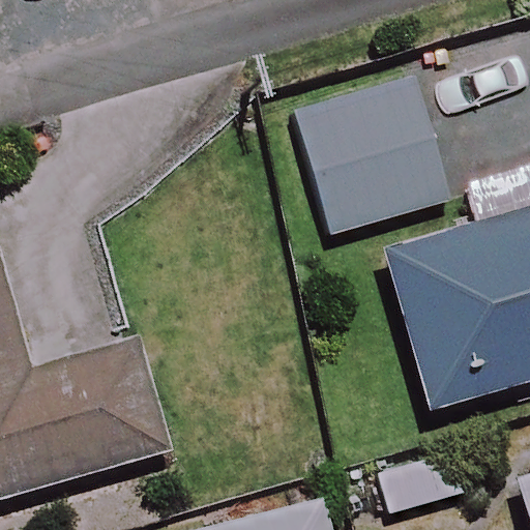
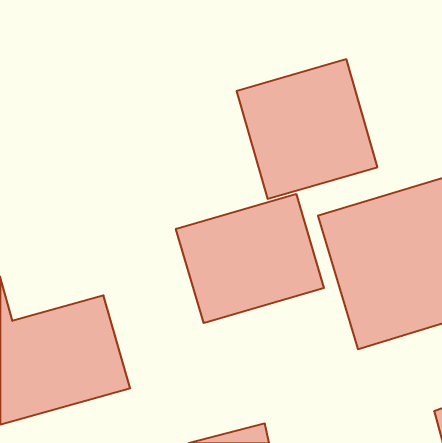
building: none -> [176,194,324,323]

